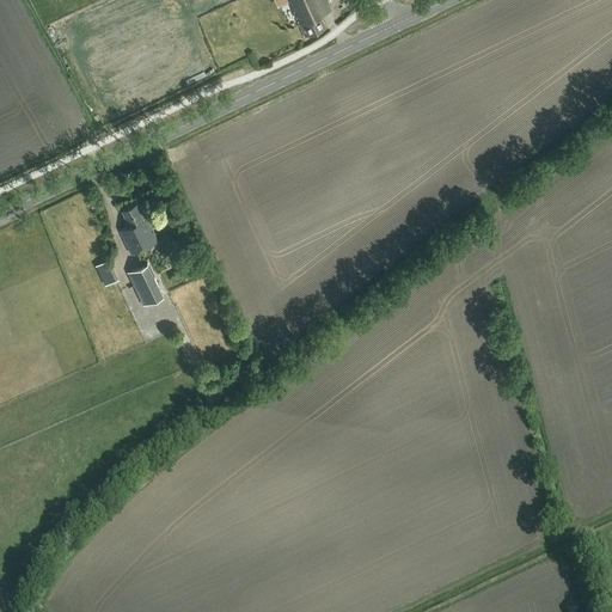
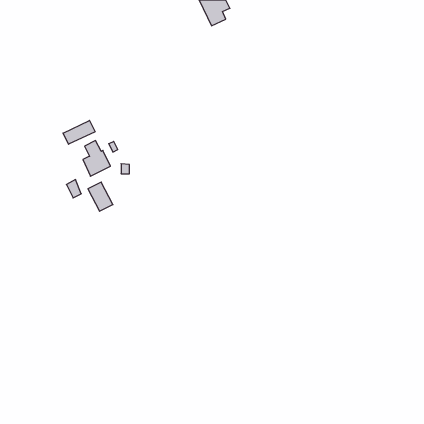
building: none -> [63,120,95,144]

